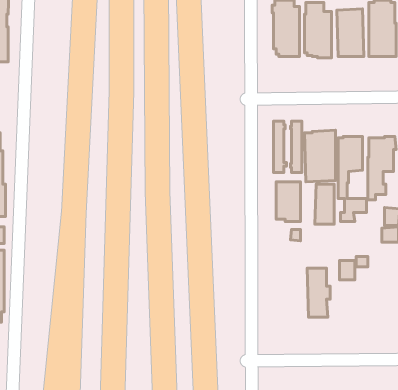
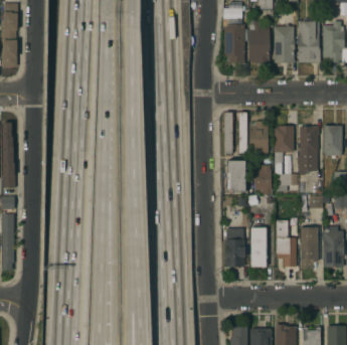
building: none -> [301,227,317,269]
building: none -> [225,228,245,267]
building: none -> [274,239,295,271]

